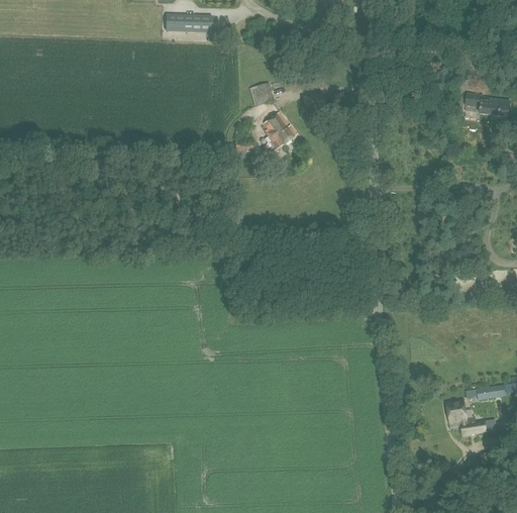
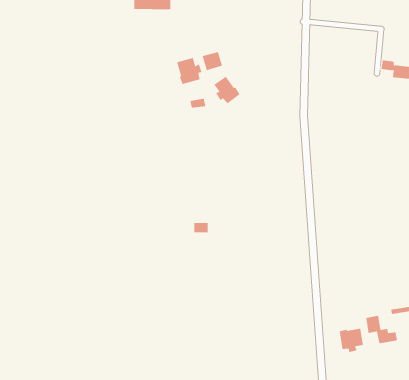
building: none -> [176,57,202,85]
building: none -> [339,328,364,353]

